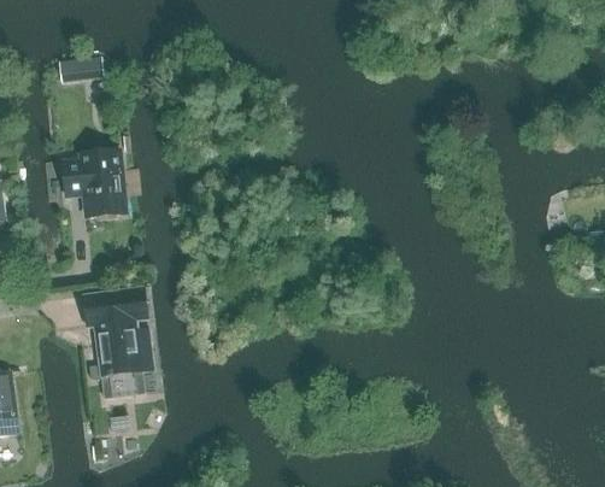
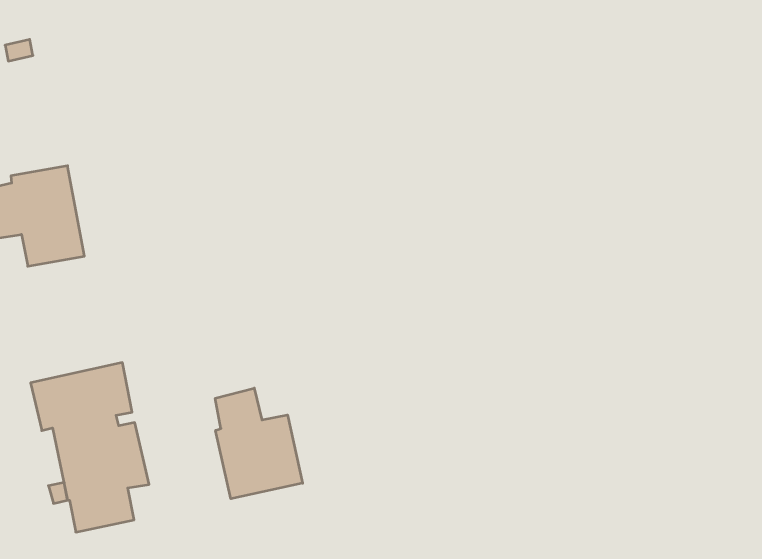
building: none -> [215,388,303,499]

